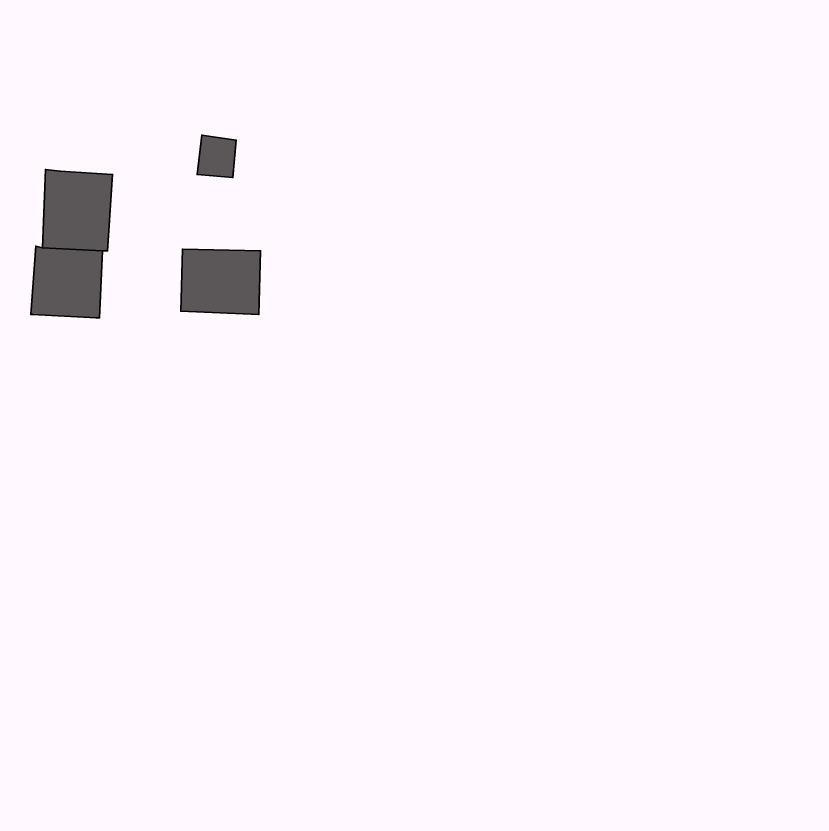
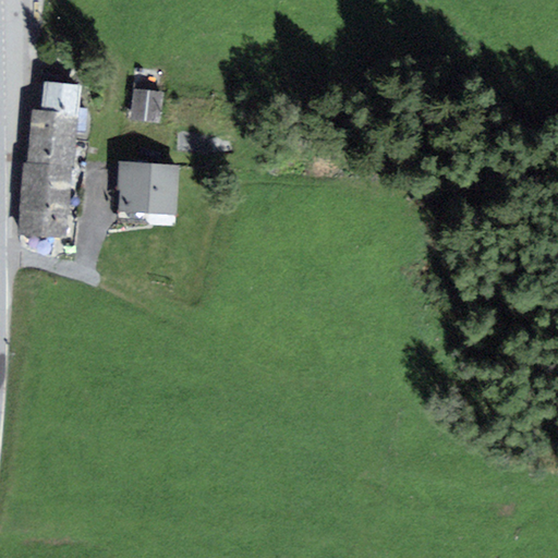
building: none -> [40,84,78,117]
building: none -> [21,210,64,234]

